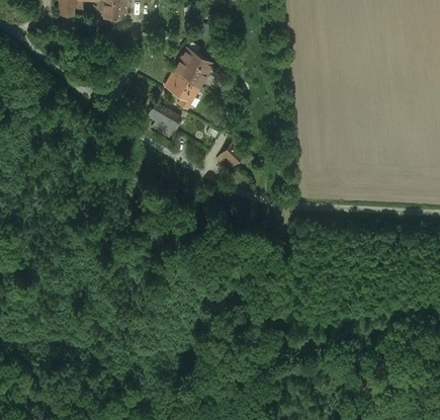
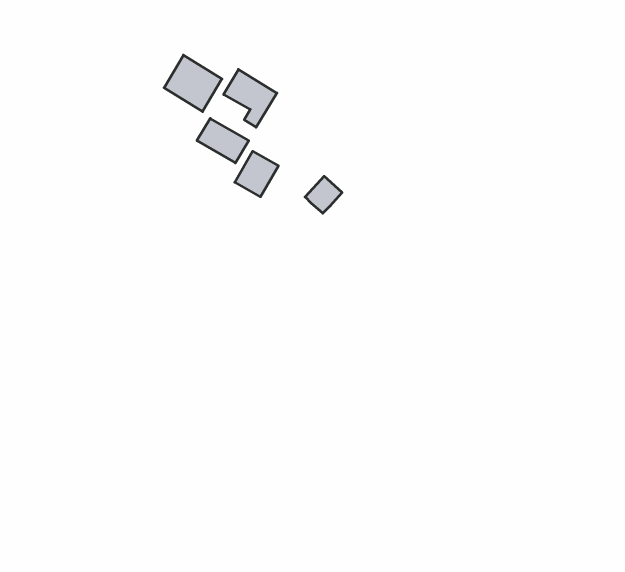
building: [174,48,213,86] -> [164,55,222,112]
building: none -> [235,151,278,197]

